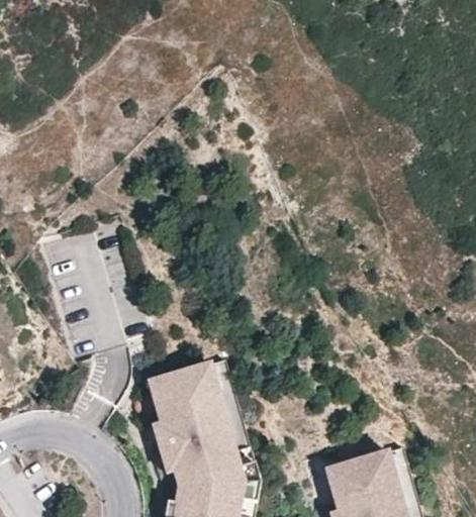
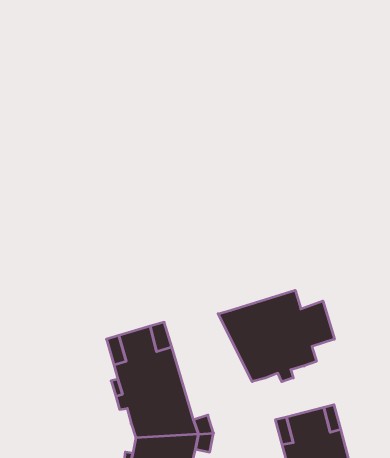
building: none -> [218,290,334,382]

